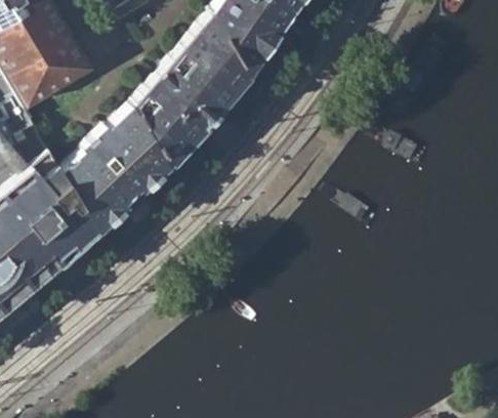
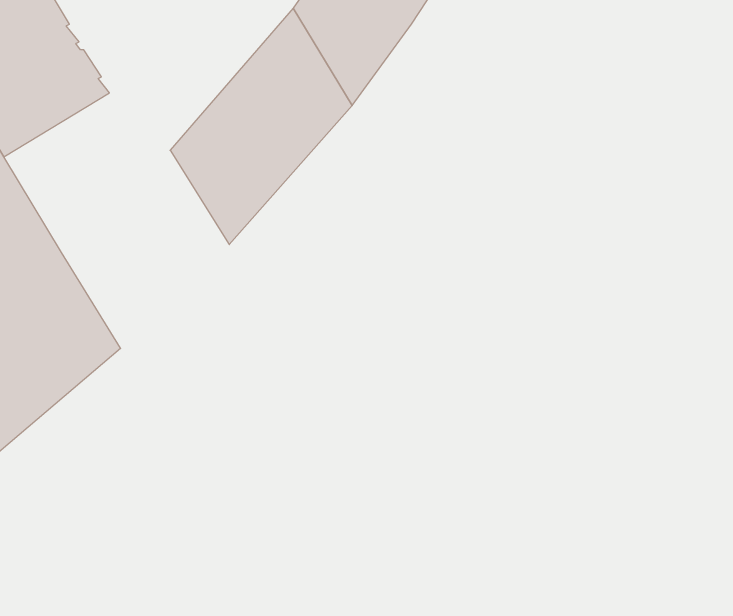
building: [59,111,167,238] -> none

